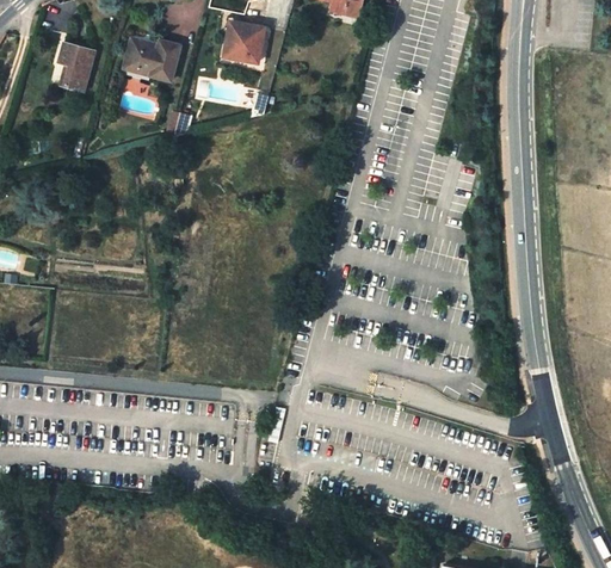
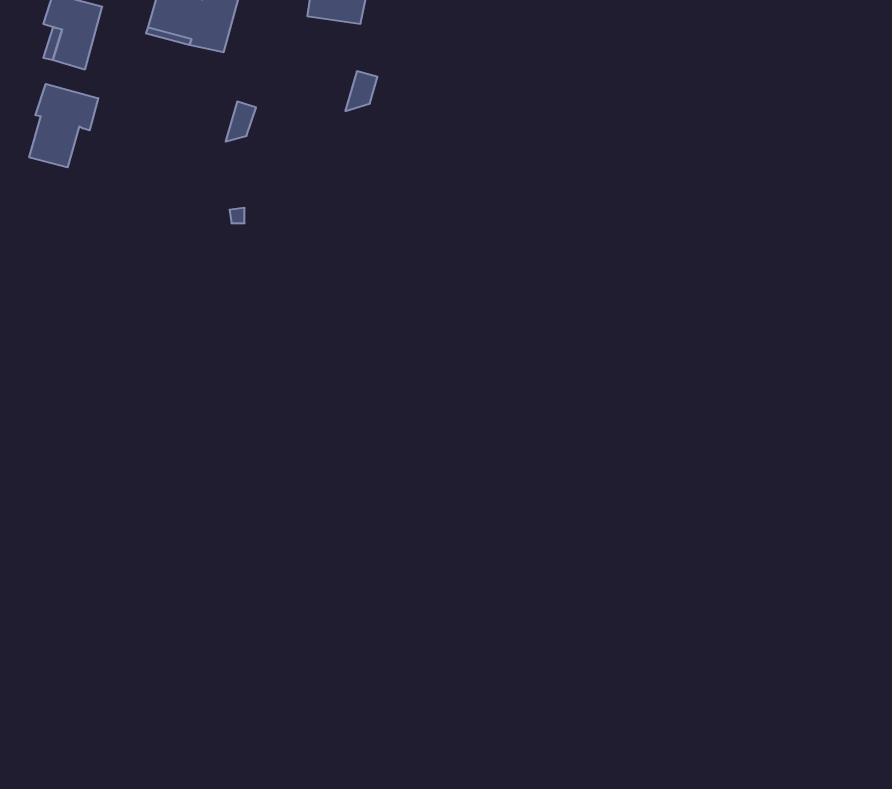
building: none -> [29,84,98,167]

